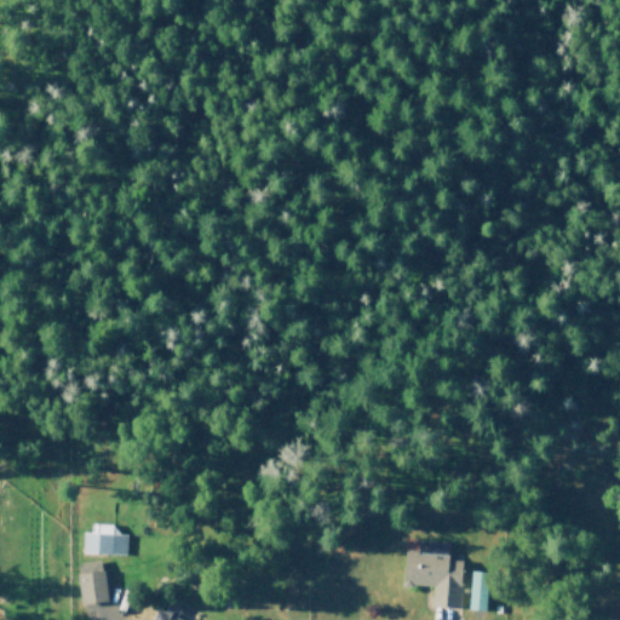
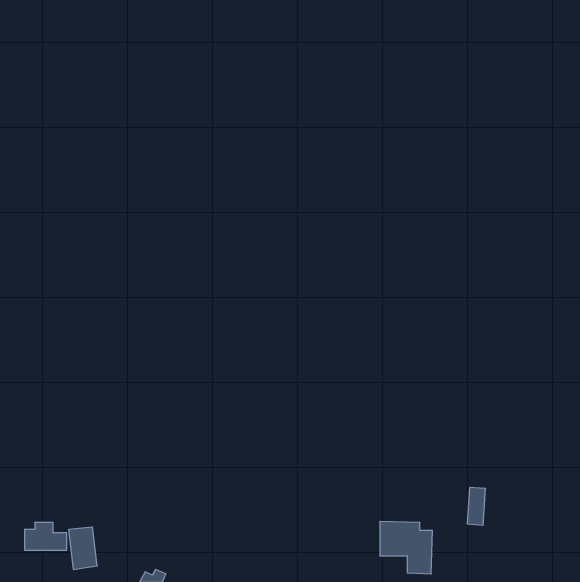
building: [84,524,128,553] -> [24,523,67,550]
building: [470,572,489,612] -> [467,487,486,525]

